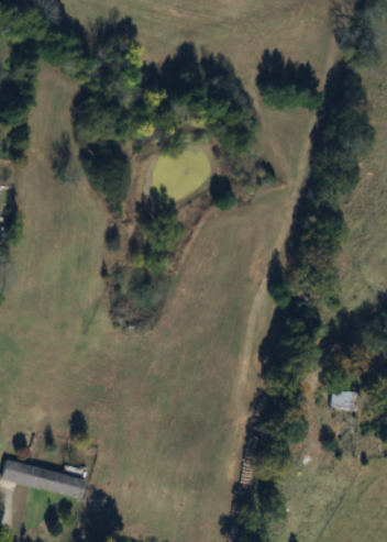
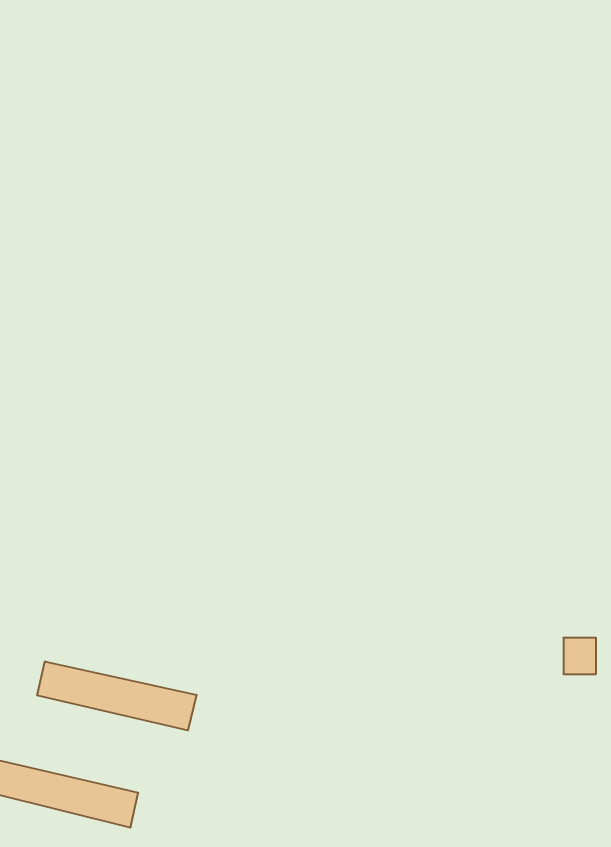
building: none -> [37,661,197,730]

